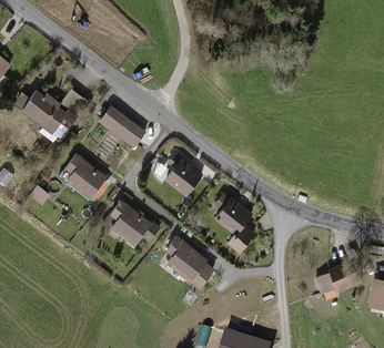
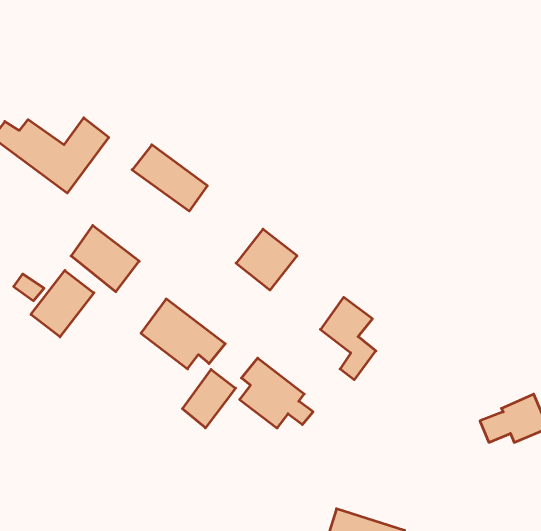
building: none -> [31,270,94,337]
building: none -> [182,369,236,428]

